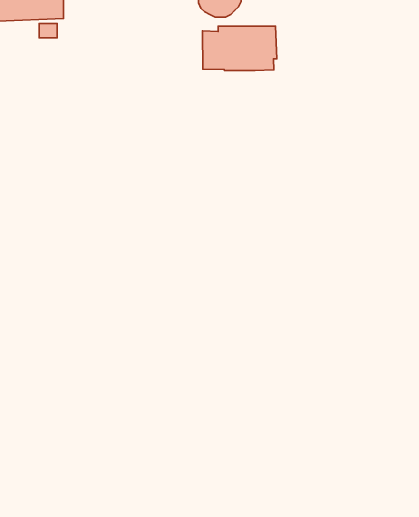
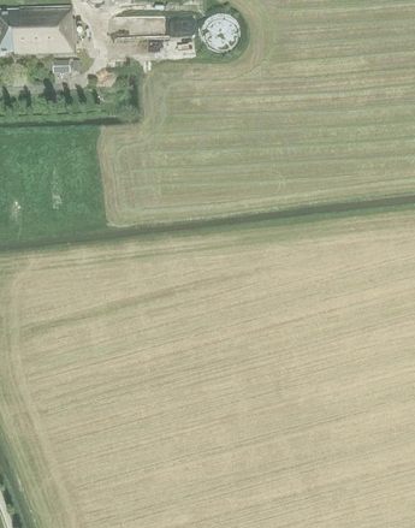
building: [203,26,277,70] -> none

